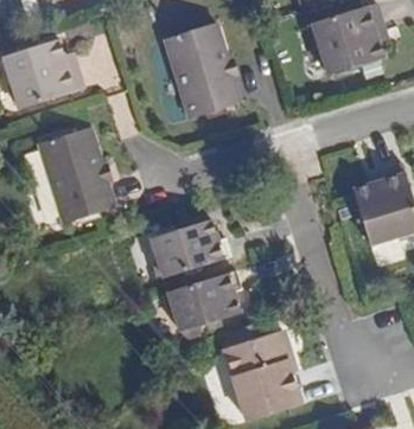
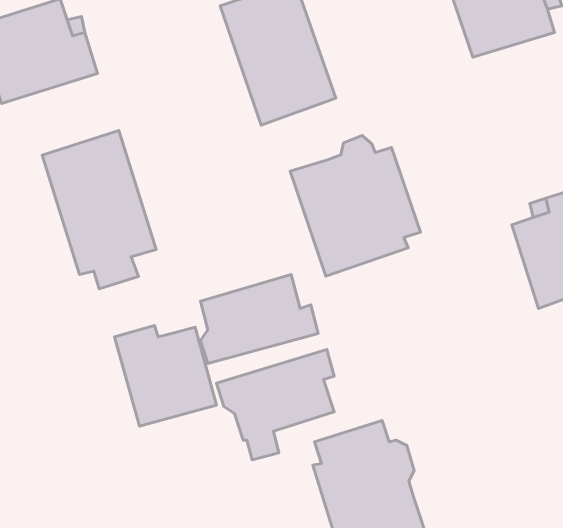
building: none -> [290,136,420,276]
building: none -> [115,325,217,426]

